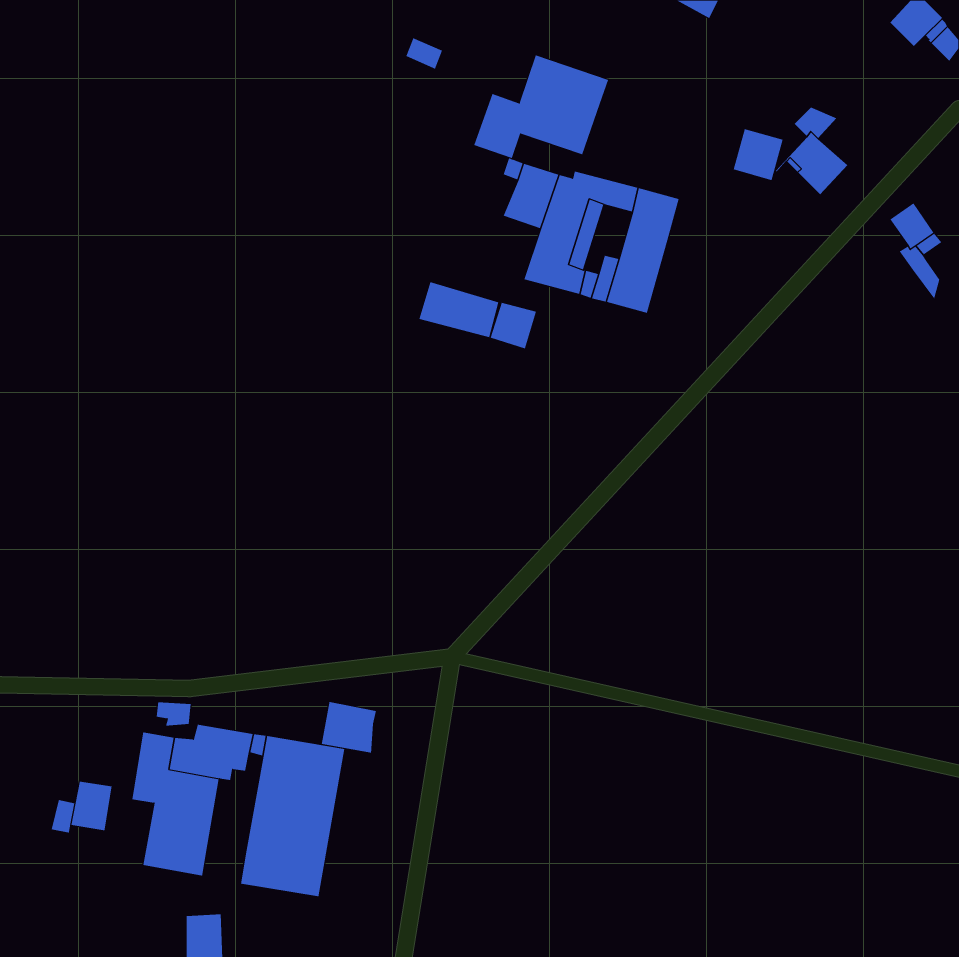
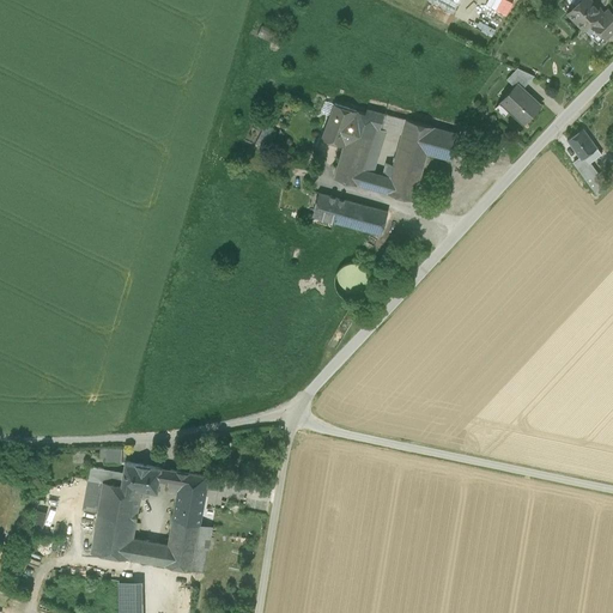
building: [473,55,609,159] -> none
building: [733,128,784,181] -> [426,128,459,162]
building: [419,281,499,338] -> [335,200,387,236]
building: [321,701,376,753] -> none
building: [71,781,112,831] -> none
building: none -> [129,540,157,565]

